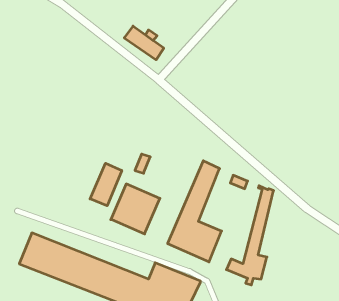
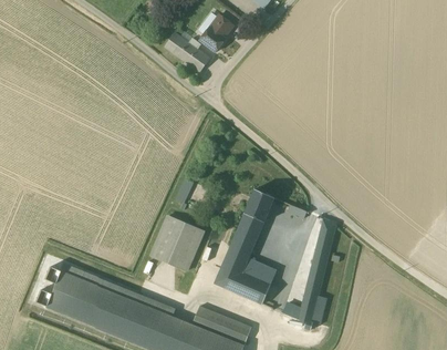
building: none -> [199,14,232,52]
building: [90,163,122,206] -> none

